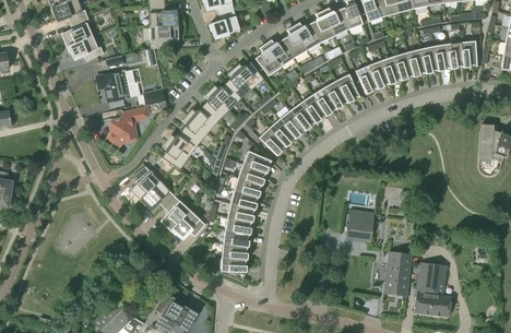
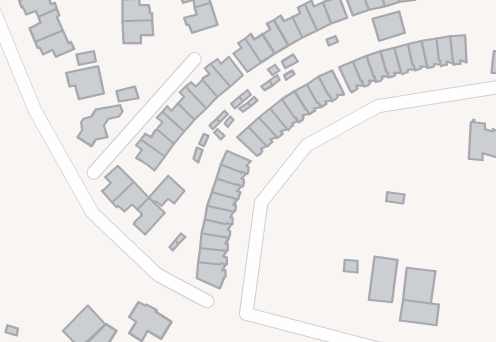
building: none -> [373,12,405,41]
building: [171,210,205,238] -> [149,176,184,206]
building: [347,213,375,240] -> none

